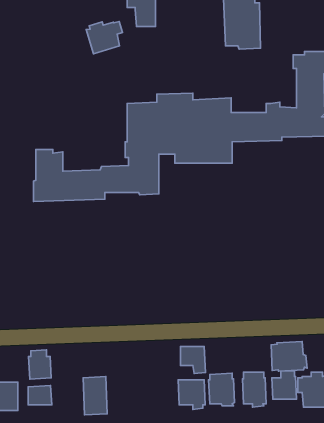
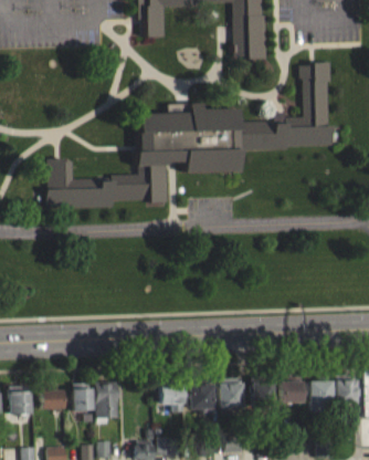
building: [86,21,122,54] -> none
building: [271,342,307,371] -> none
building: [181,346,205,374] -> [160,385,184,411]
building: [29,350,51,379] -> [72,381,94,410]

